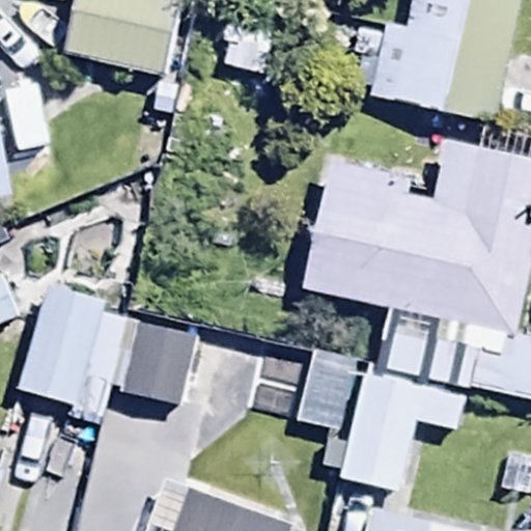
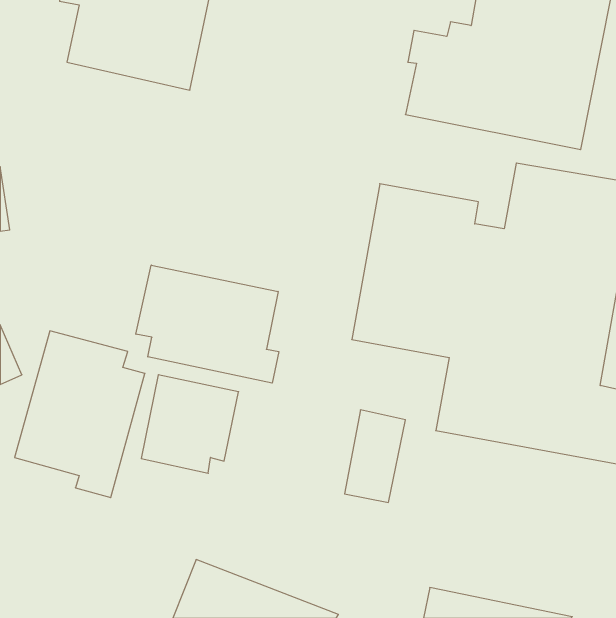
building: none -> [136,265,279,383]
building: [320,370,467,490] -> none

